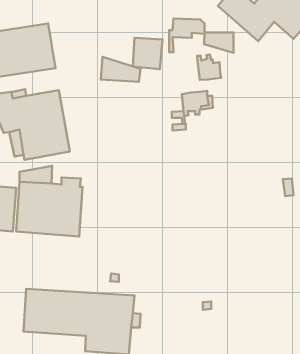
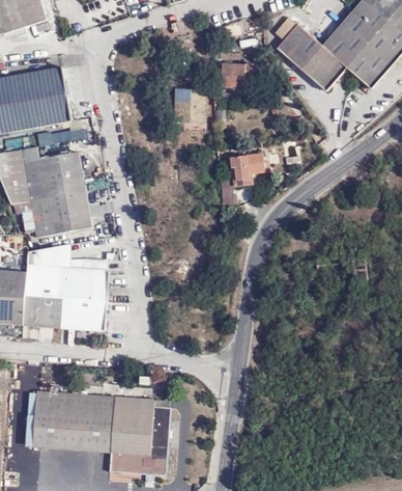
building: [204,32,234,53] -> none
building: [197,54,221,80] -> none
building: [101,57,140,82] -> none

